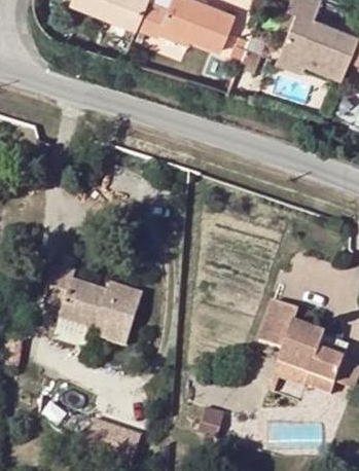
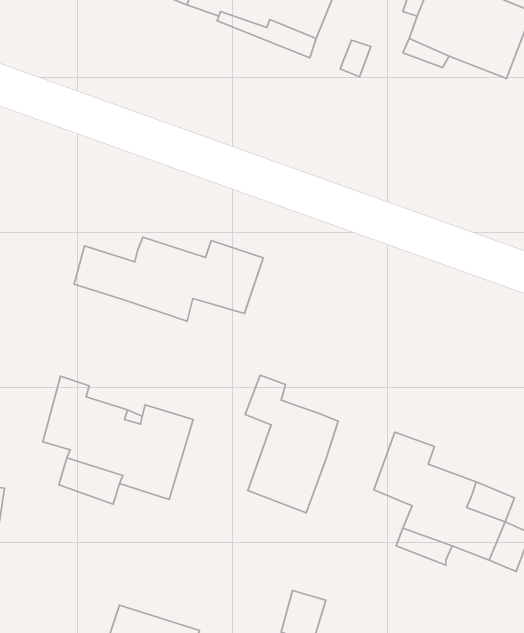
building: none -> [74,237,263,321]
building: none -> [245,375,338,513]

